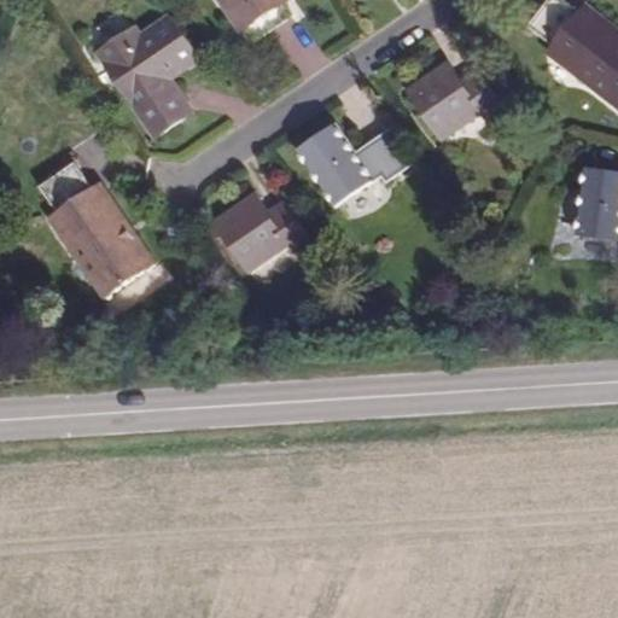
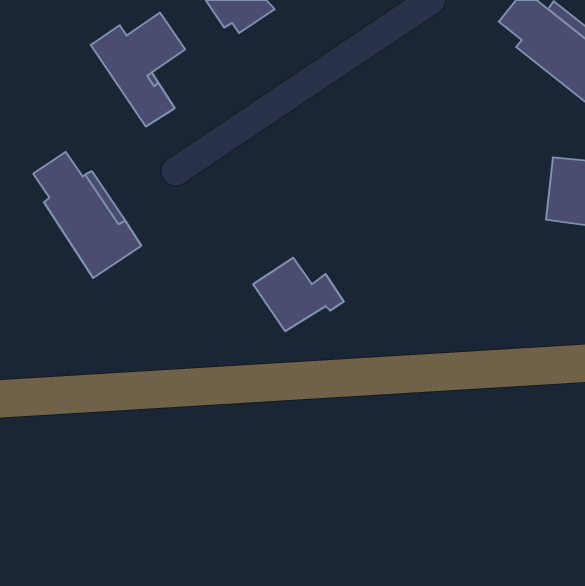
building: [415,75,508,150] -> none
building: [297,124,409,204] -> none
building: [211,191,307,268] -> [253,258,344,331]

